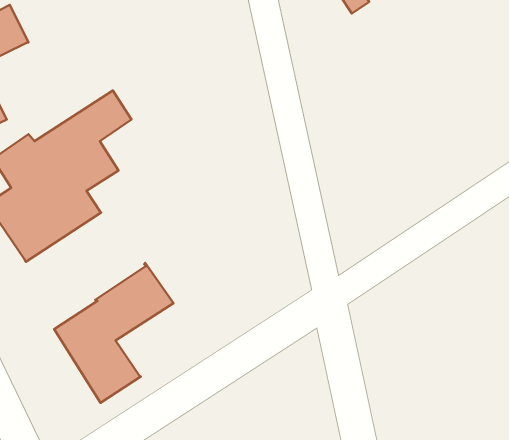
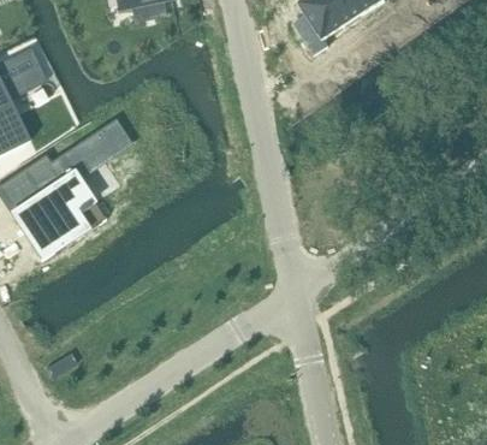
building: [54,263,173,403] -> none

